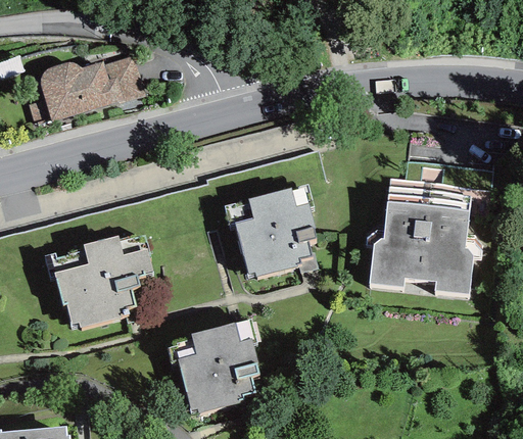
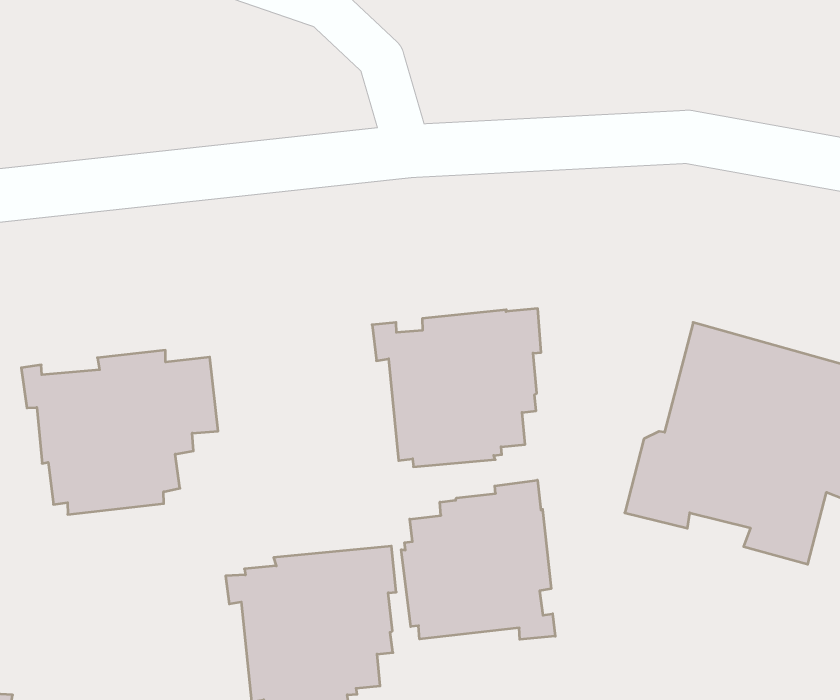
building: [28,56,144,123] -> none
building: none -> [401,480,555,639]

